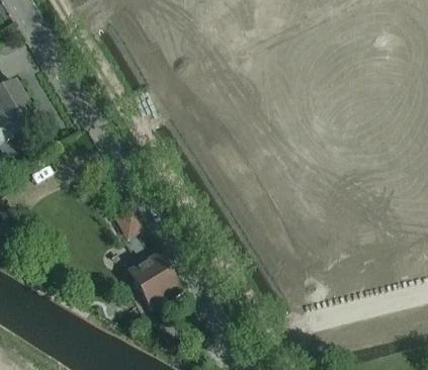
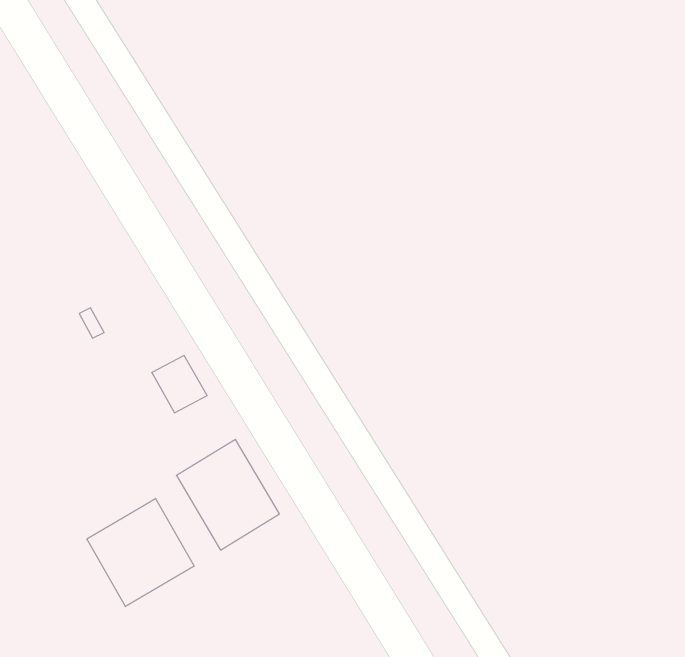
building: none -> [87,498,194,607]

